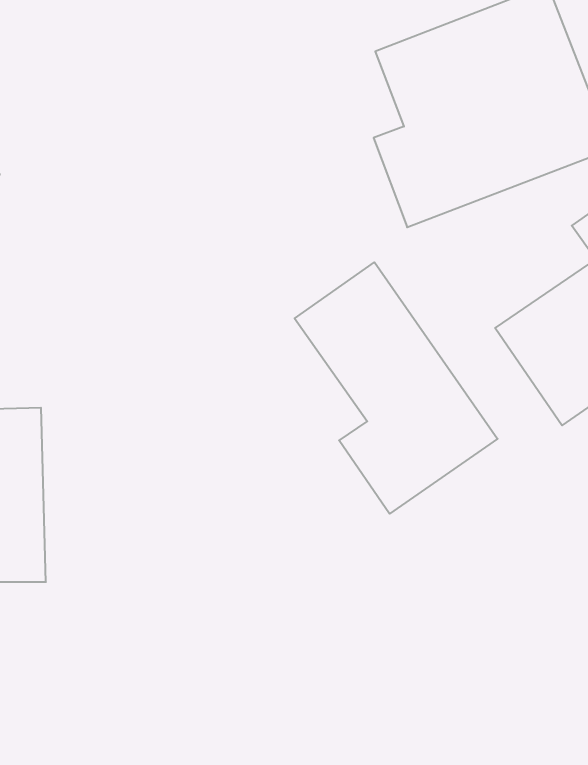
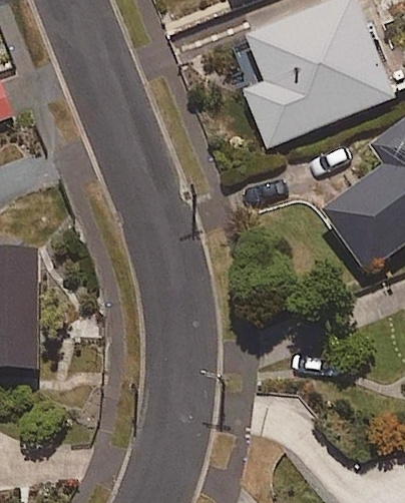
building: [295,262,498,514] -> none

